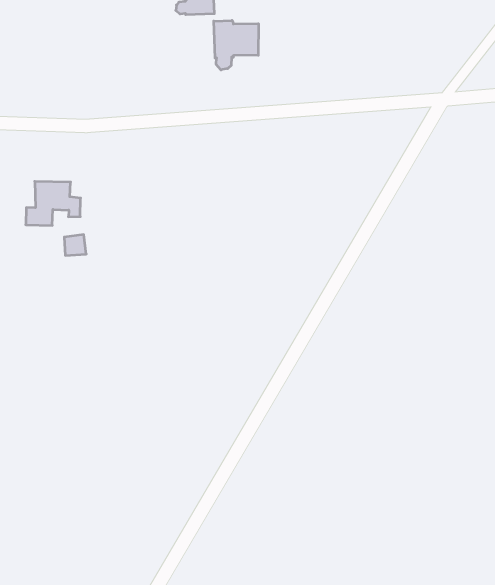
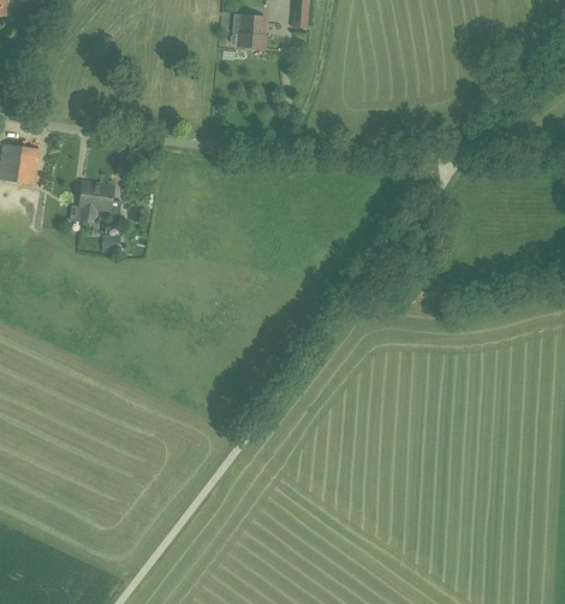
building: [214,20,258,70] -> none

